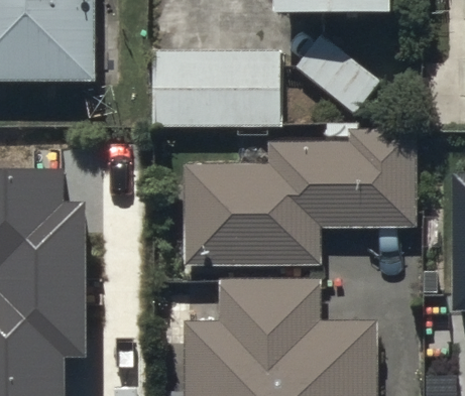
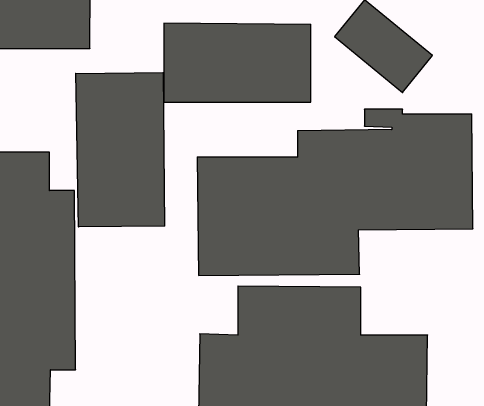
building: none -> [76,73,165,227]

